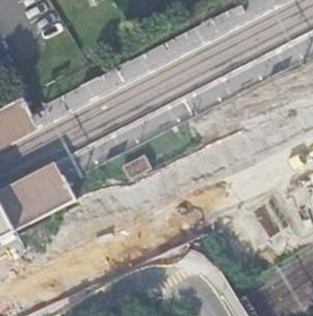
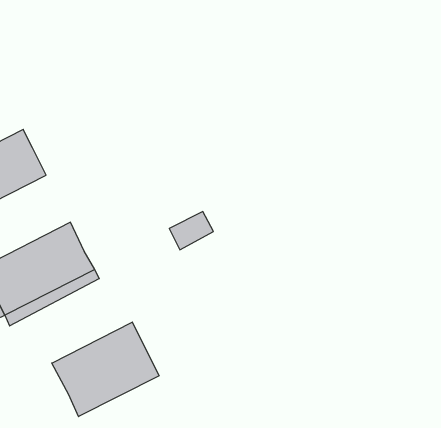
building: none -> [52,322,159,417]

